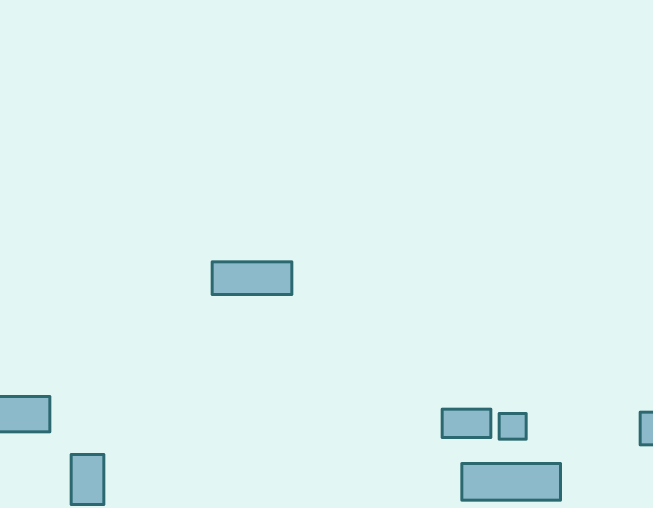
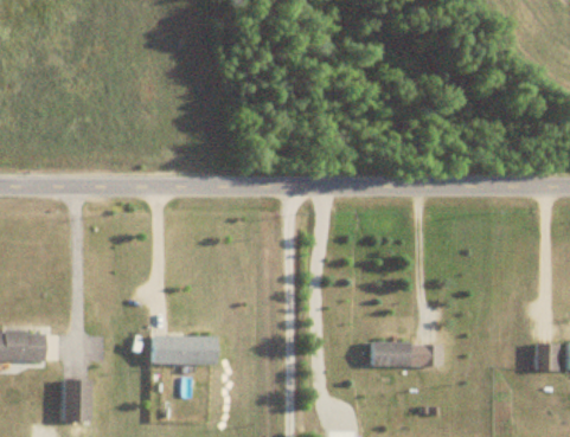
building: [212,262,292,294] -> [149,338,216,365]
building: [462,463,561,500] -> none

